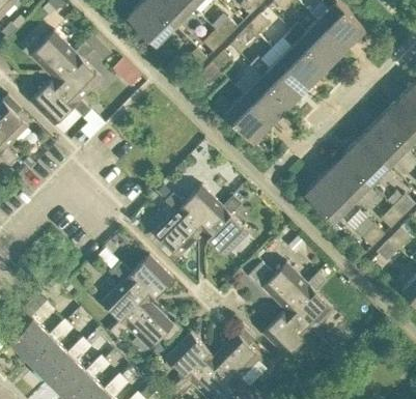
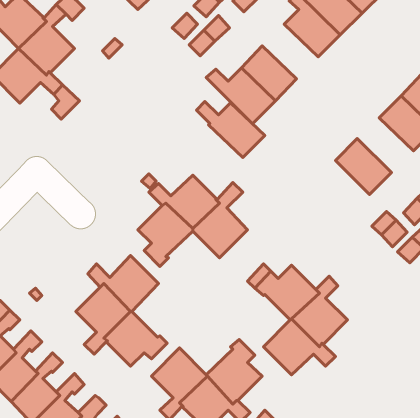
building: [250,56,308,104] -> [196,102,265,158]
building: [341,137,389,183] -> none
building: [304,173,352,222] -> none

